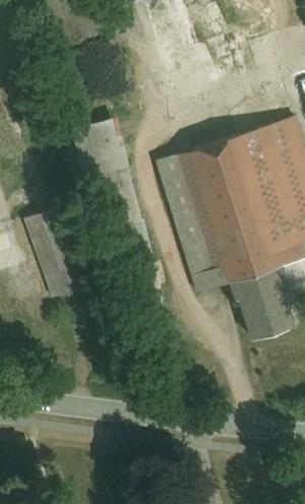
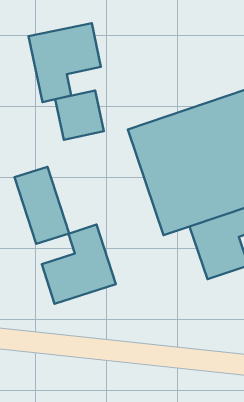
building: none -> [29,23,101,102]
building: none -> [42,225,116,304]

